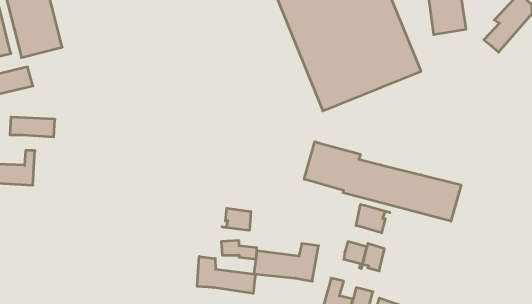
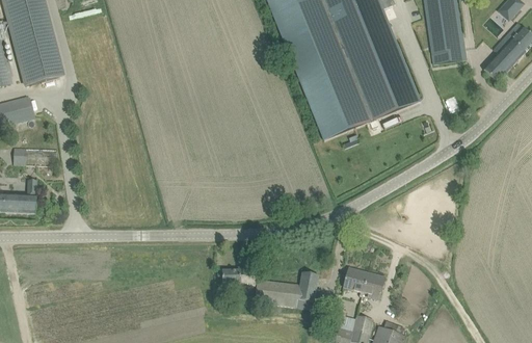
building: [304,142,461,221] -> none
building: [356,204,390,233] -> none
building: [222,208,251,230] -> none
building: [197,256,255,293] -> none

